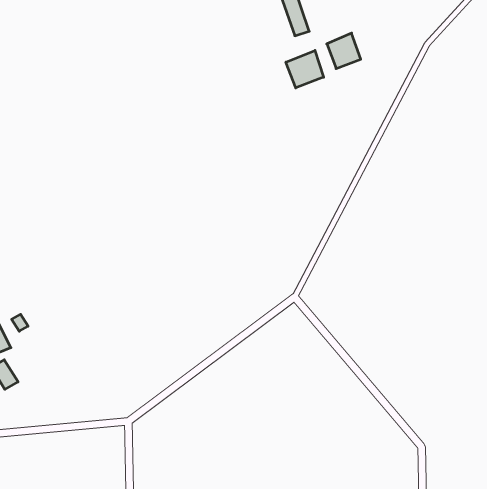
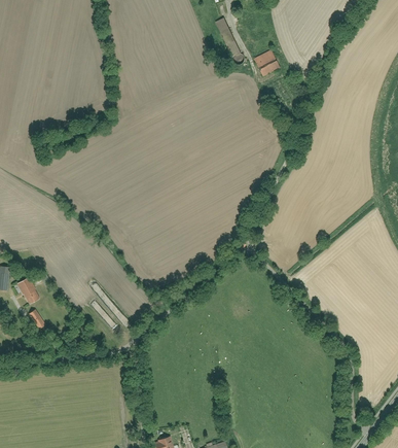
building: [286,50,324,88] -> none

